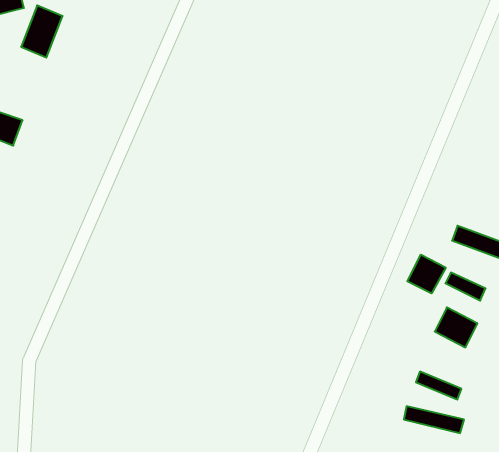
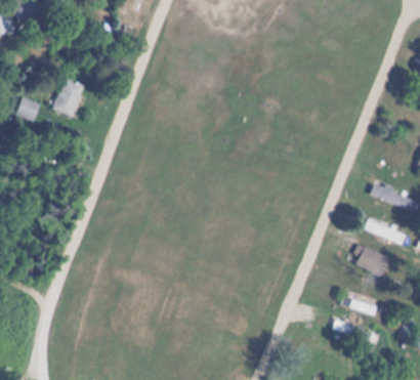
building: [21,5,63,58] -> [53,77,85,117]
building: [407,255,446,293] -> none

